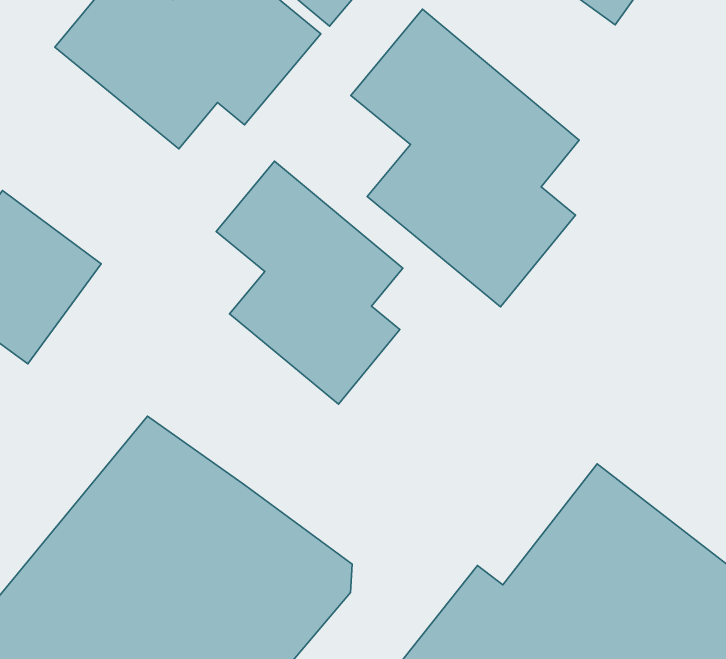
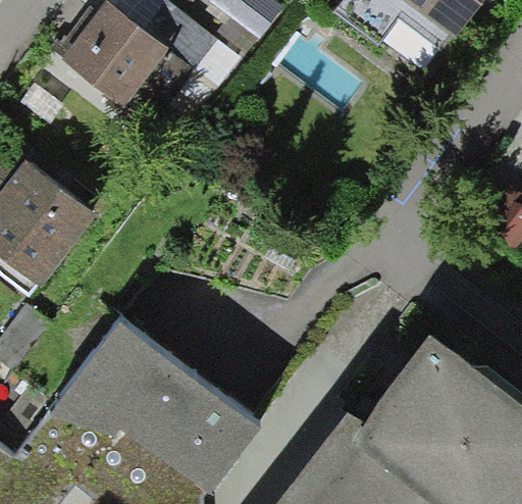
building: [351,9,579,307] -> none
building: [216,161,403,404] -> none

